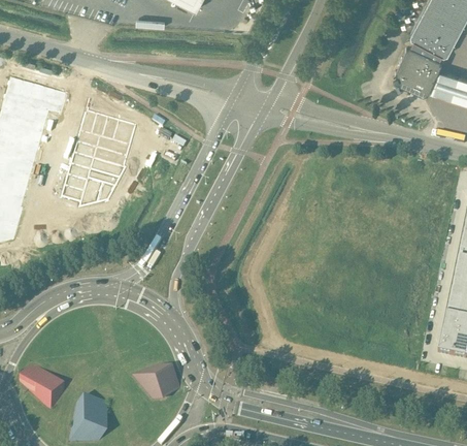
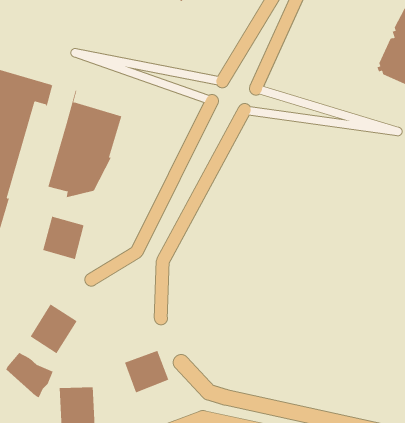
building: none -> [43,216,84,260]
building: none -> [30,304,77,354]

